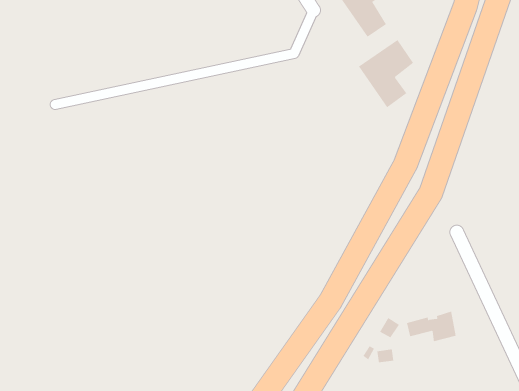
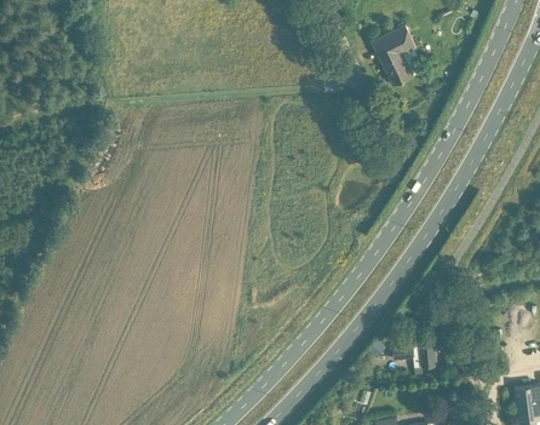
building: [358,39,414,108] -> none

